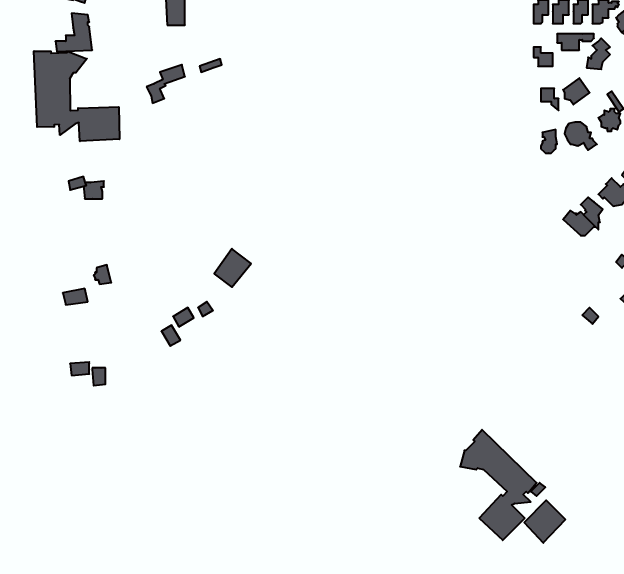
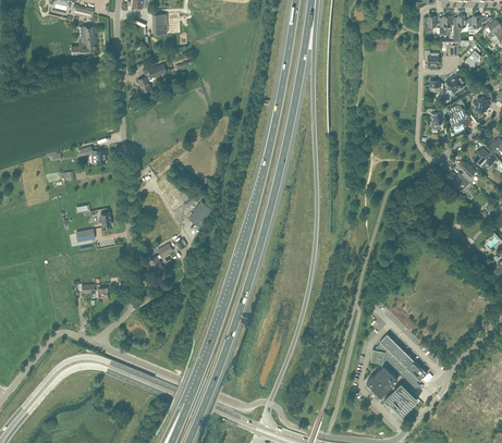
building: [34,51,119,141] -> none
building: [524,500,565,543] -> [367,366,397,397]

